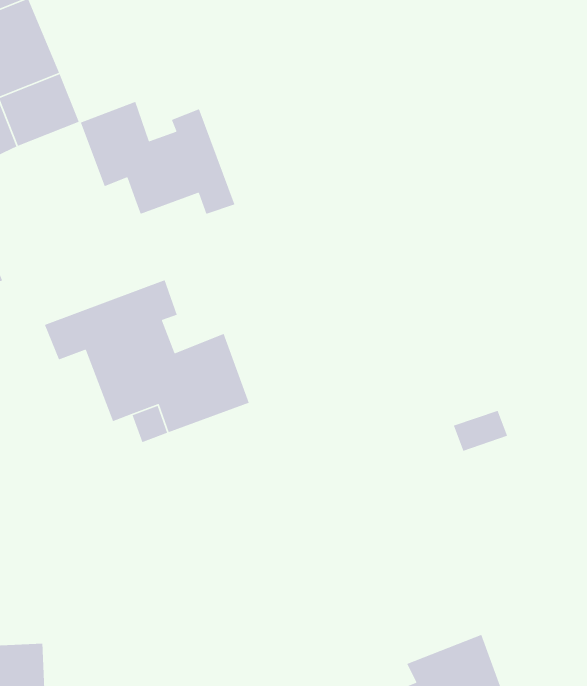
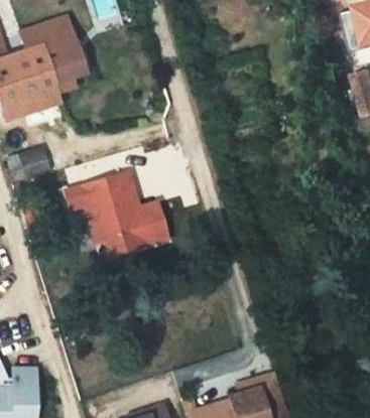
building: [80,101,236,215] -> none

